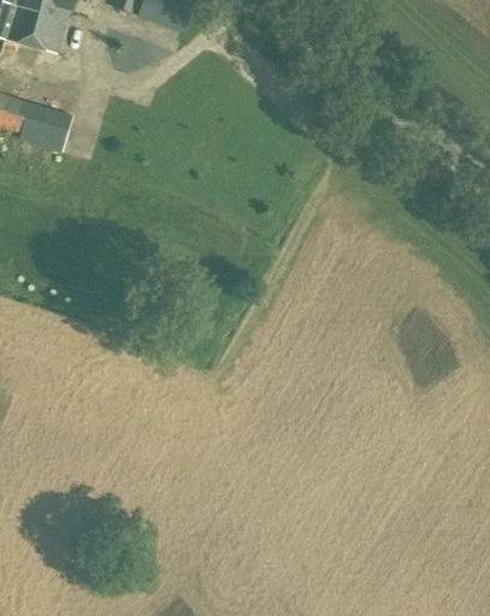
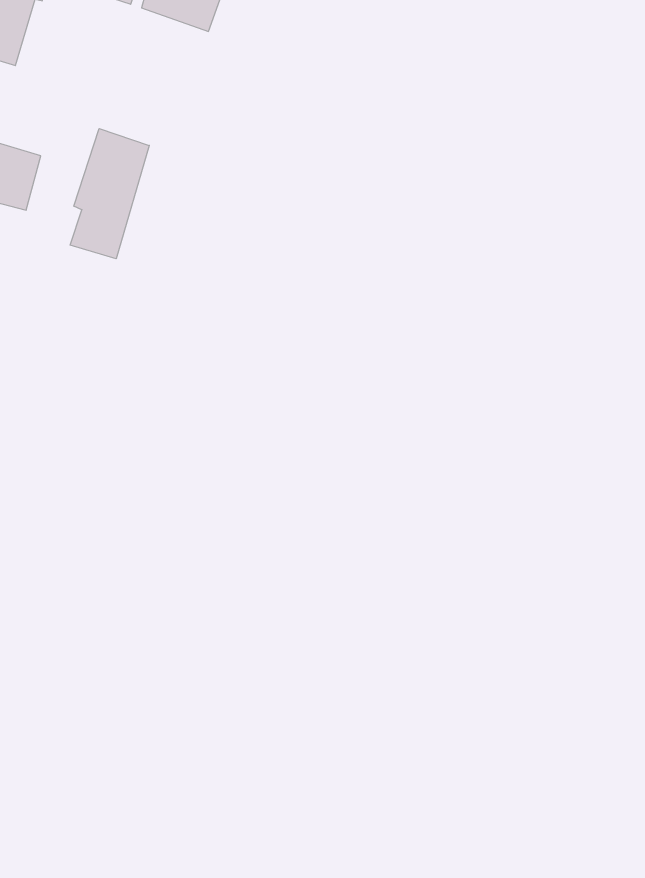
building: none -> [70,129,149,259]

